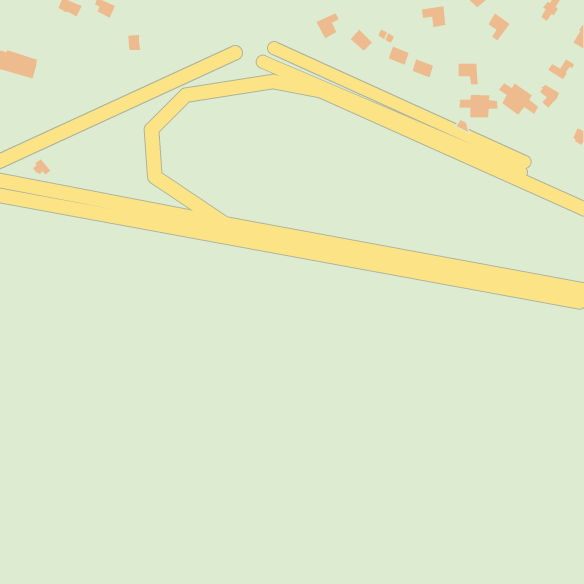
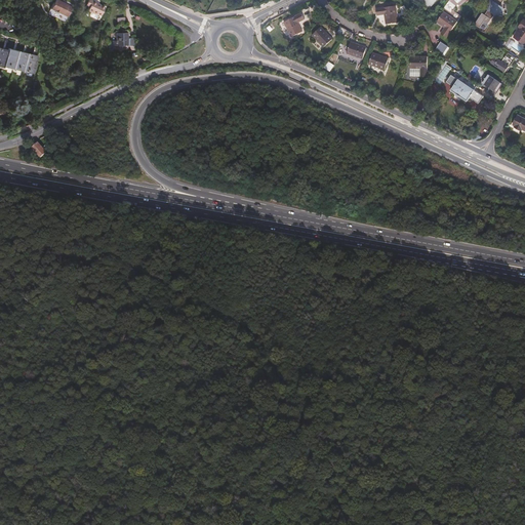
building: [459,94,498,118] -> none

